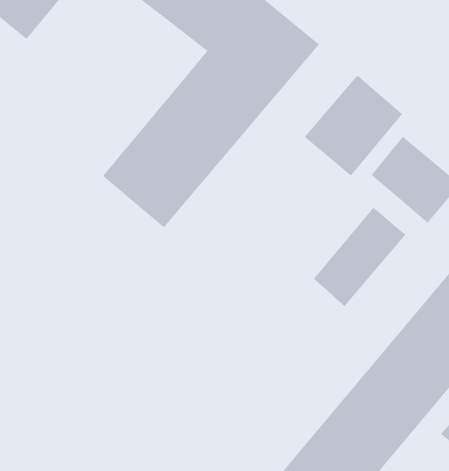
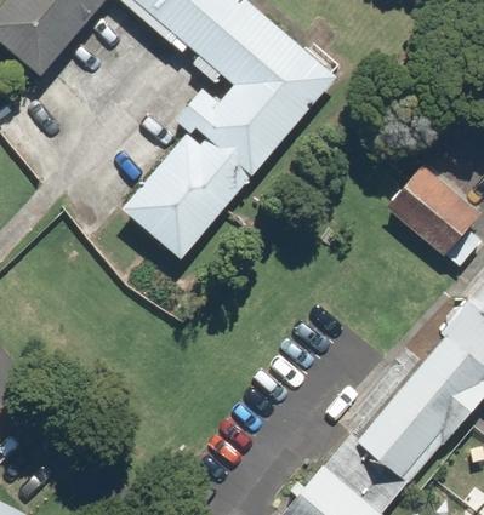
building: [304,74,403,176] -> none
building: [313,207,406,307] -> none

